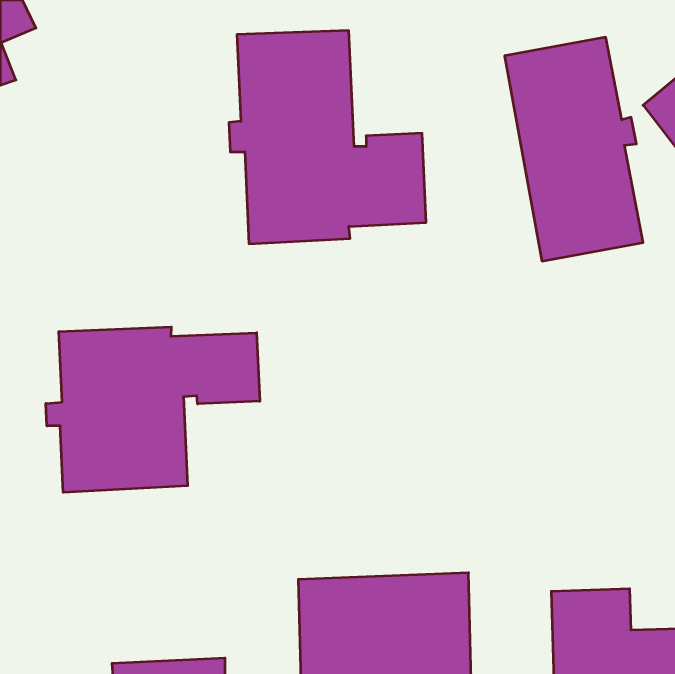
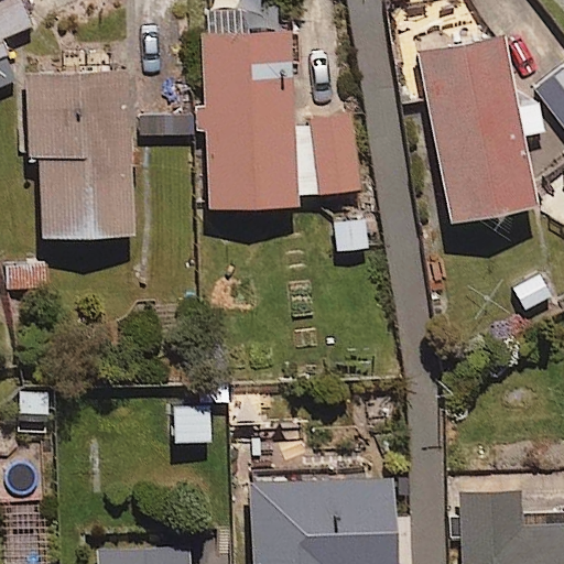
building: none -> [25,68,134,240]
building: [46,327,260,492] -> none

